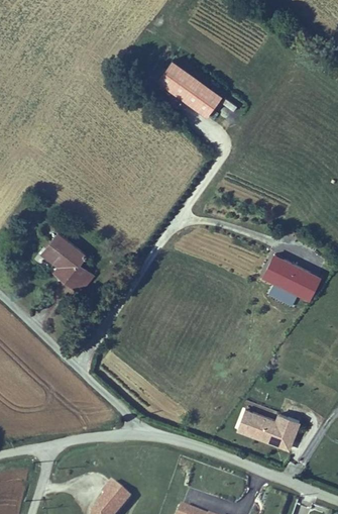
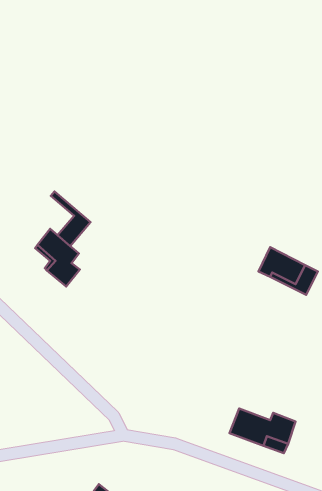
building: [156,55,224,113] -> none
building: none -> [51,192,90,246]

